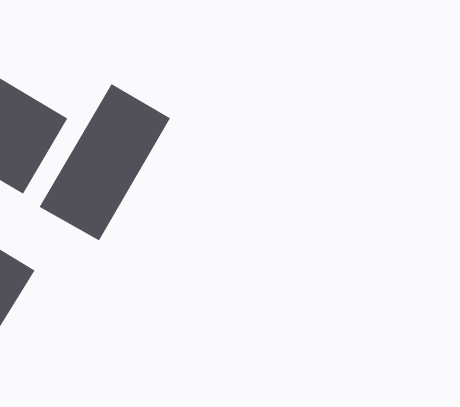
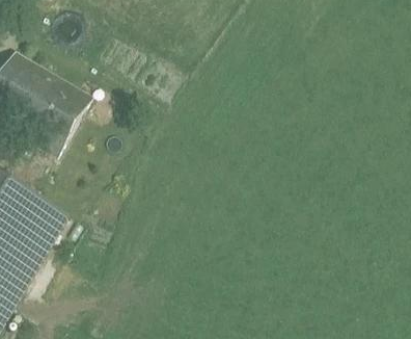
building: [39,83,171,241] -> none

